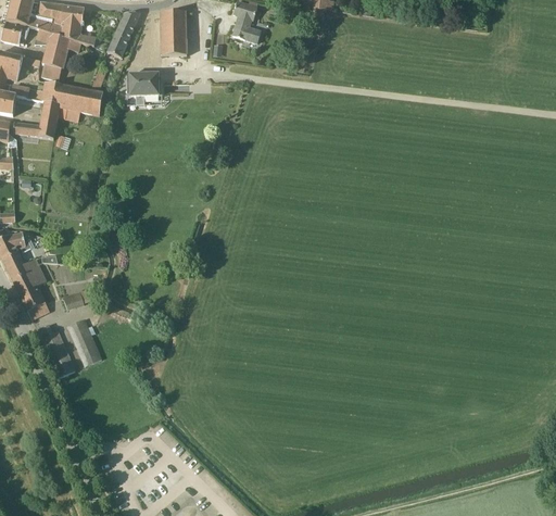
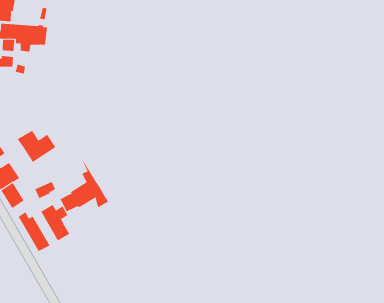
building: [126,72,162,103] -> none
building: none -> [17,130,56,163]
building: none -> [60,159,109,212]

